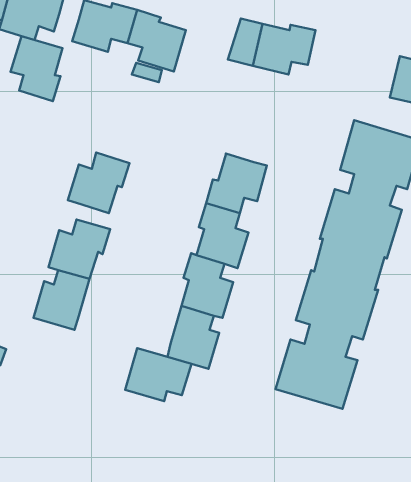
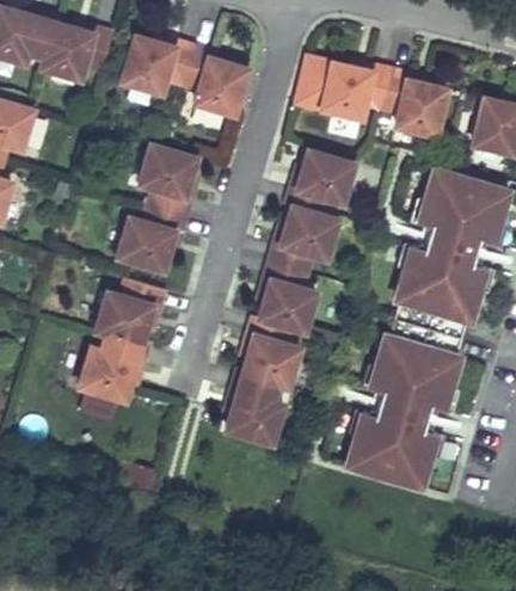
building: none -> [382,70,447,136]
building: [11,36,63,101] -> [139,146,196,217]
building: none -> [285,150,354,216]
building: [125,348,191,401] -> none

